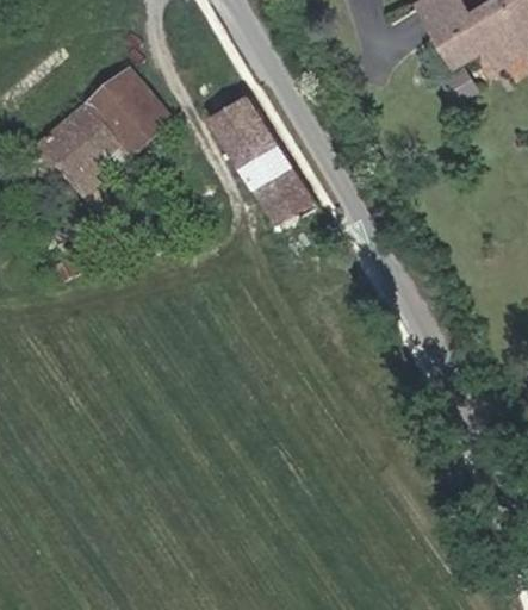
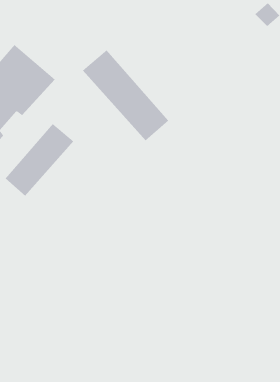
building: none -> [5,123,74,196]

